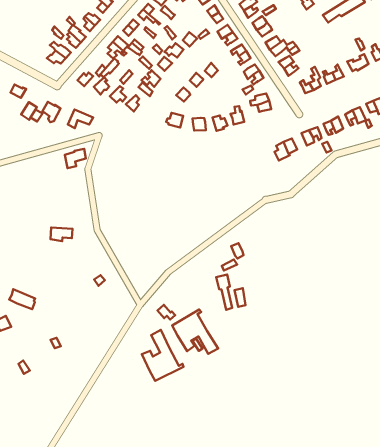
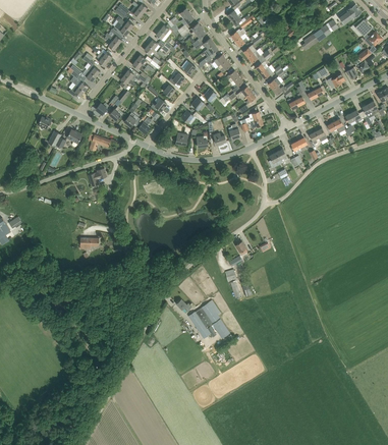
building: [142,330,183,381] -> none

